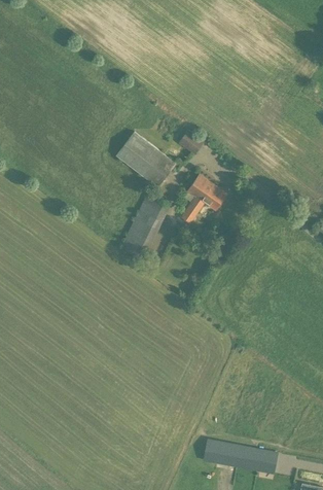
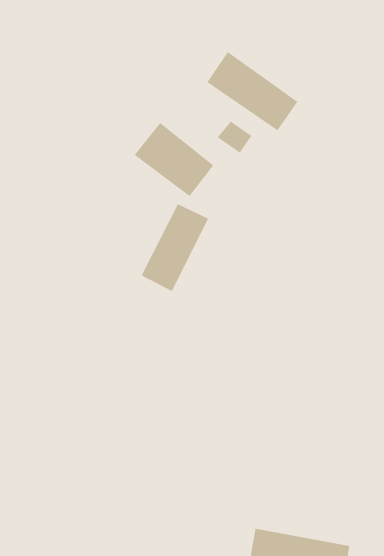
building: none -> [206,51,298,131]
building: [182,174,225,221] -> none

